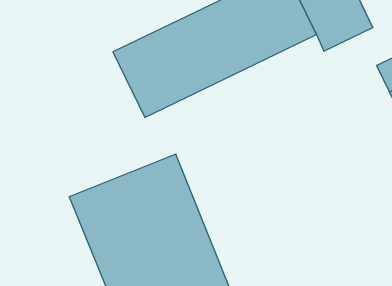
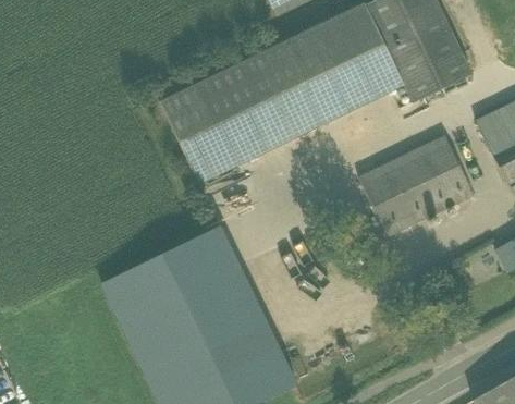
building: none -> [357,135,473,236]

